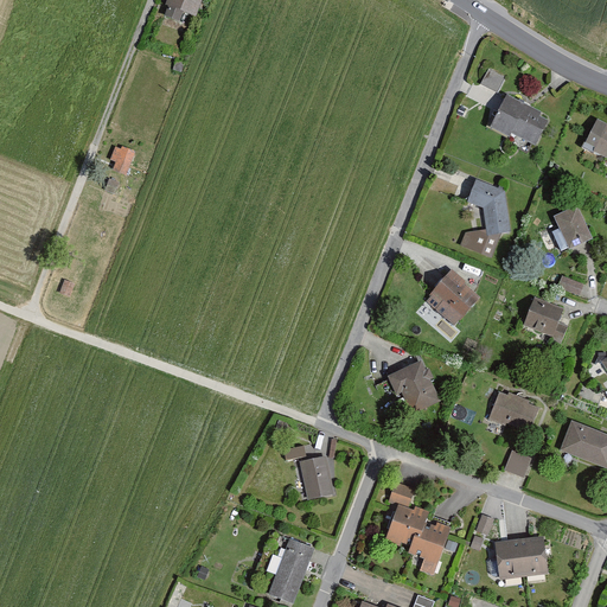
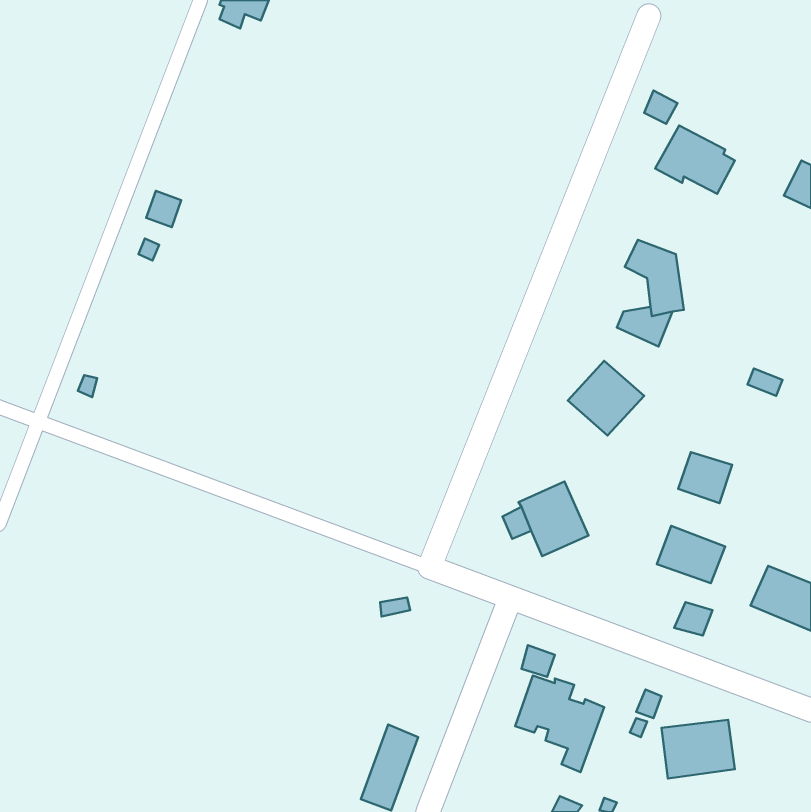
building: [554,204,592,248] -> none
building: [522,298,562,336] -> [678,452,732,503]
building: [299,455,333,499] -> none

